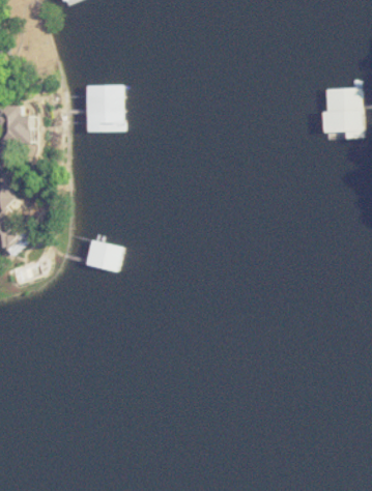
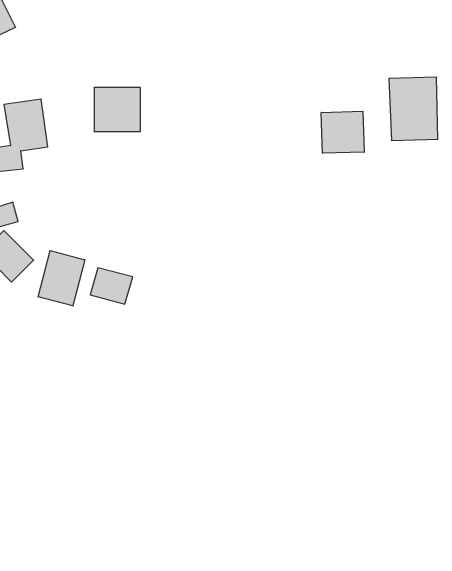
building: none -> [321,111,364,153]
building: none -> [38,251,85,306]

